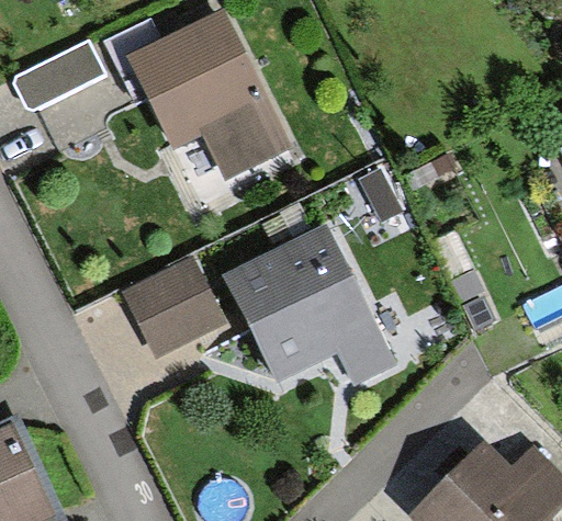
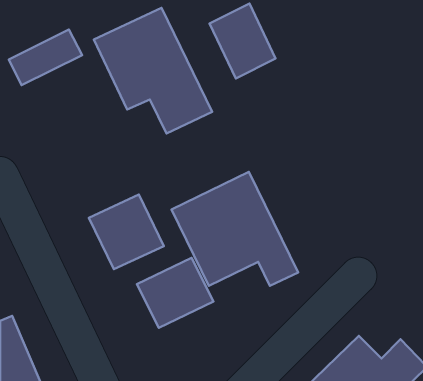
building: none -> [209,3,276,78]
building: none -> [137,258,214,328]

